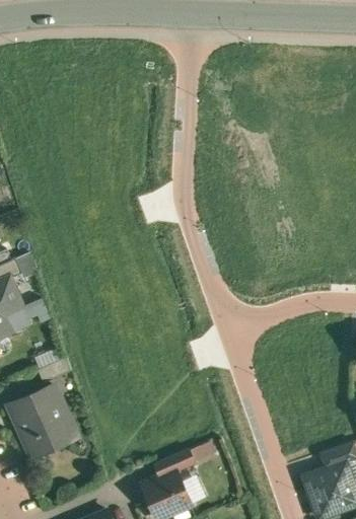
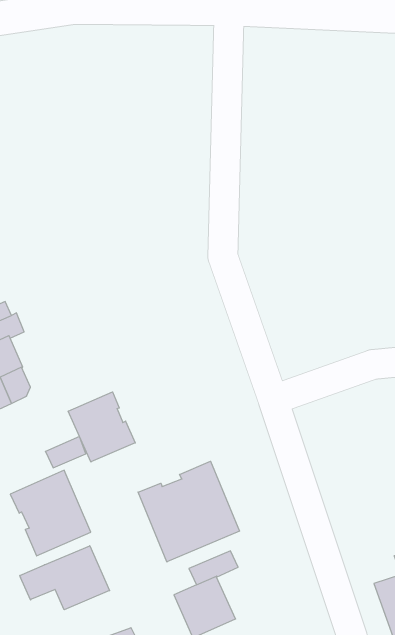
building: none -> [68,392,135,462]
building: none -> [138,461,239,562]
building: none -> [20,546,110,610]

